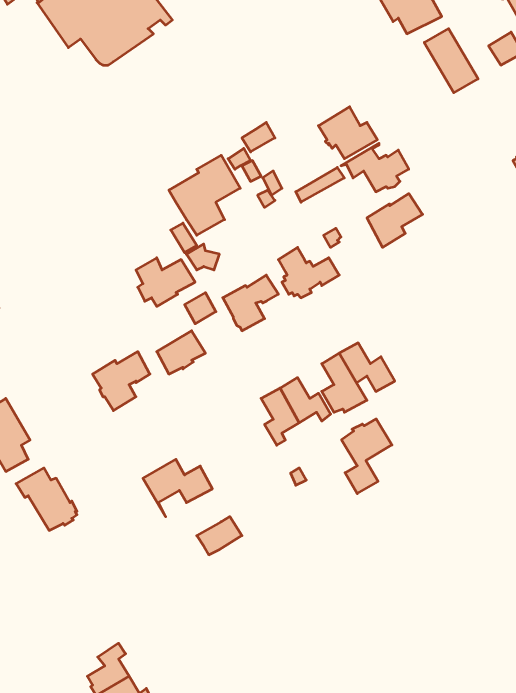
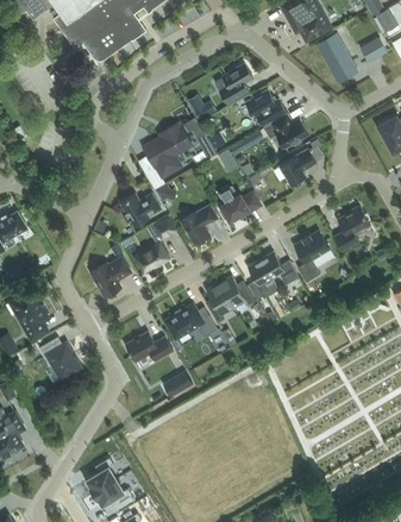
building: none -> [220,63,253,103]
building: none -> [334,206,376,251]
building: [342,419,392,494] -> [295,231,330,282]
building: none -> [165,304,218,338]

